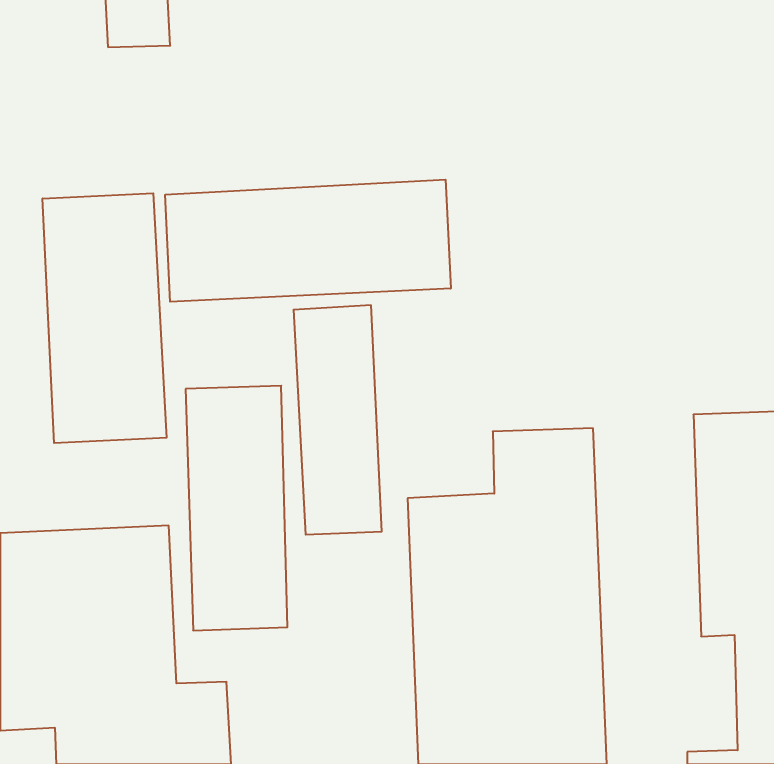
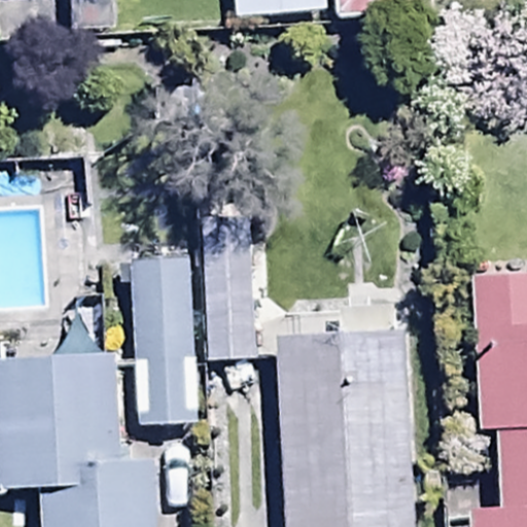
building: [165,180,451,302] -> none
building: [43,193,167,443] -> none

